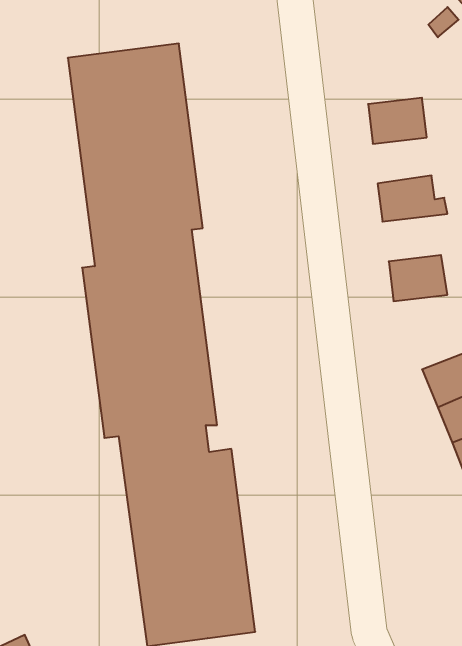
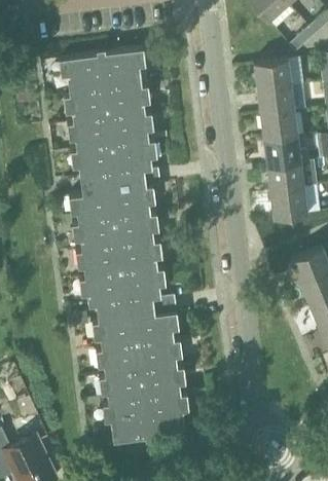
building: none -> [255,62,300,91]
building: none -> [261,113,299,143]
building: none -> [267,162,309,193]

